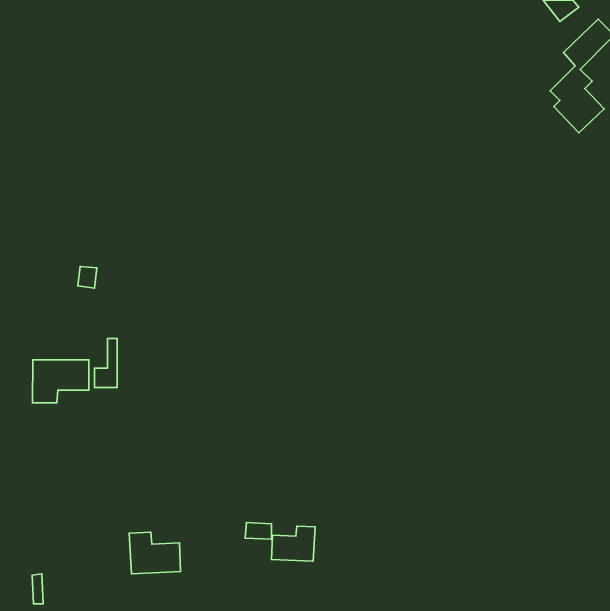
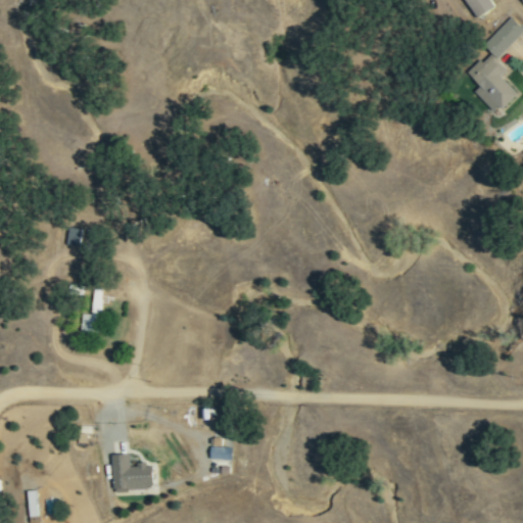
building: [32,360,89,403] -> none
building: [272,526,315,561] -> none

